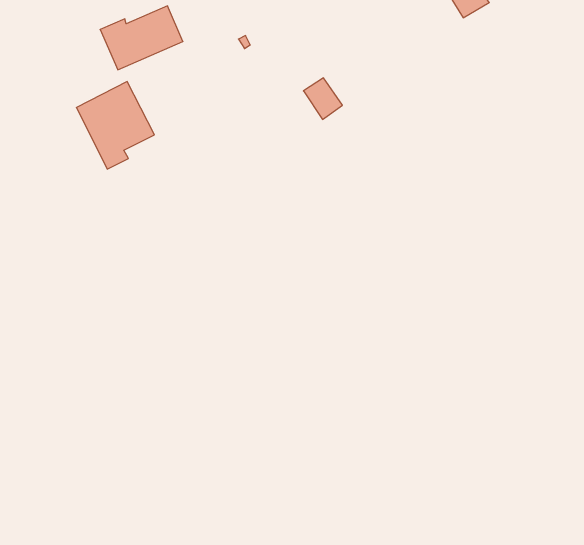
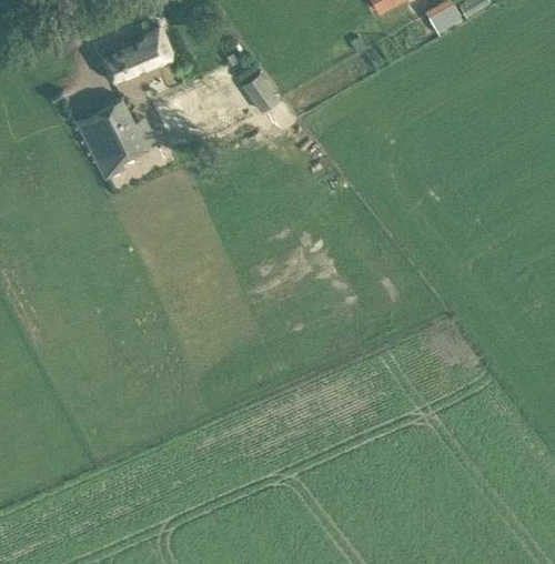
building: [303,78,342,119] -> [242,73,279,112]

